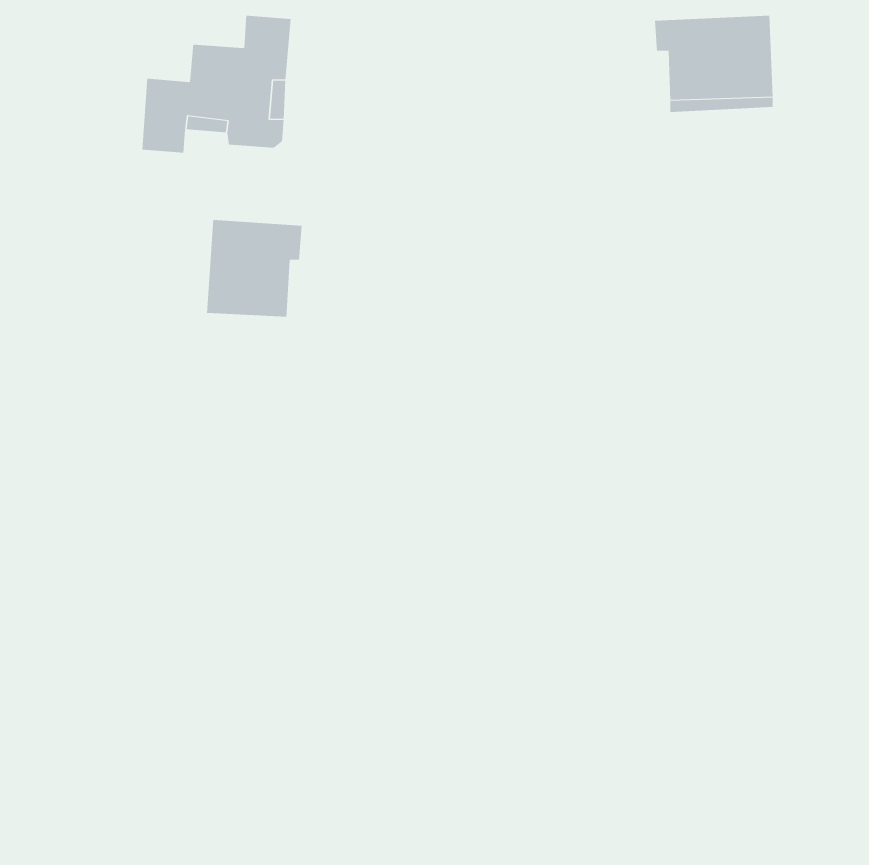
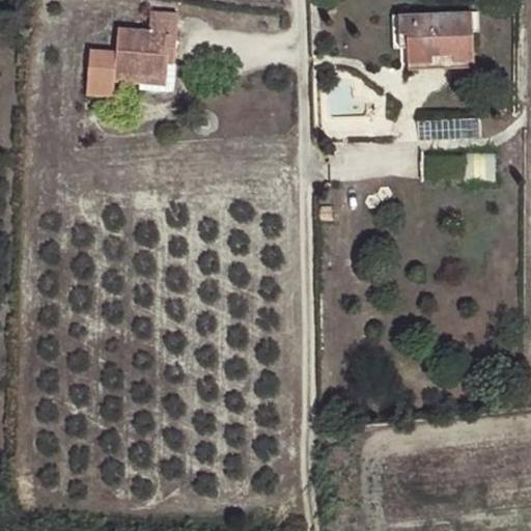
building: [206,219,302,317] -> none

